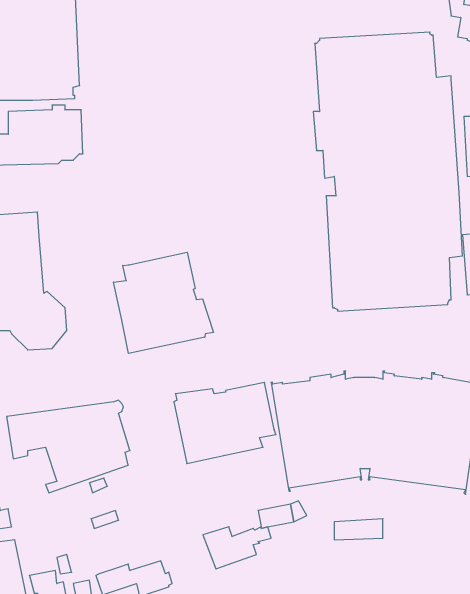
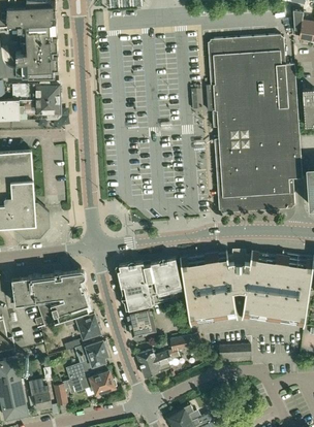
building: [114,252,213,353] -> none
building: none -> [127,306,156,338]
building: none -> [76,315,102,338]
building: none -> [66,341,108,381]

